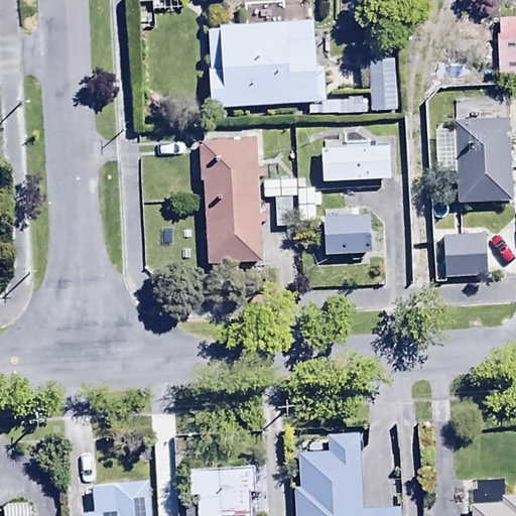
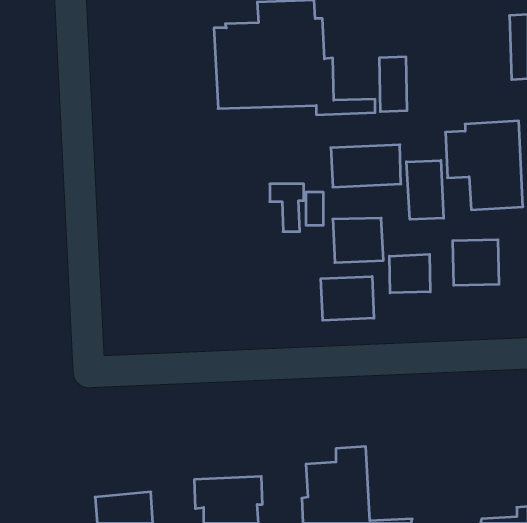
building: [200,138,262,262] -> none
building: none -> [406,160,444,219]
building: none -> [389,254,430,293]
building: none -> [321,276,374,320]

